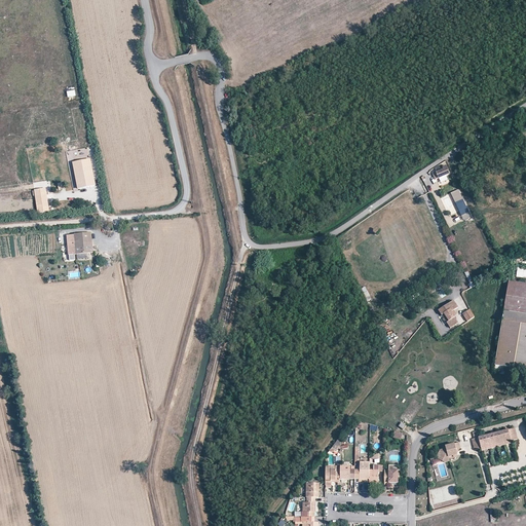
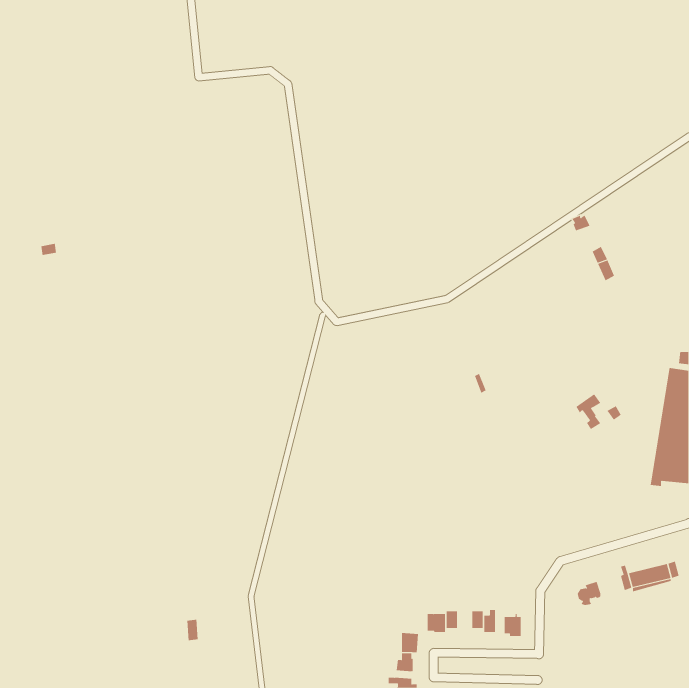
building: [72,157,95,186] -> none
building: [66,231,91,257] -> none

